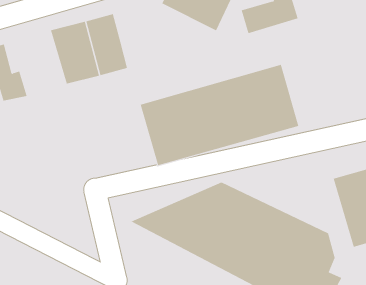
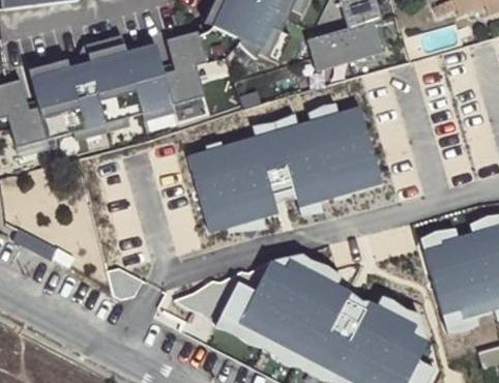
building: none -> [163,32,208,110]
building: none -> [28,63,95,144]

